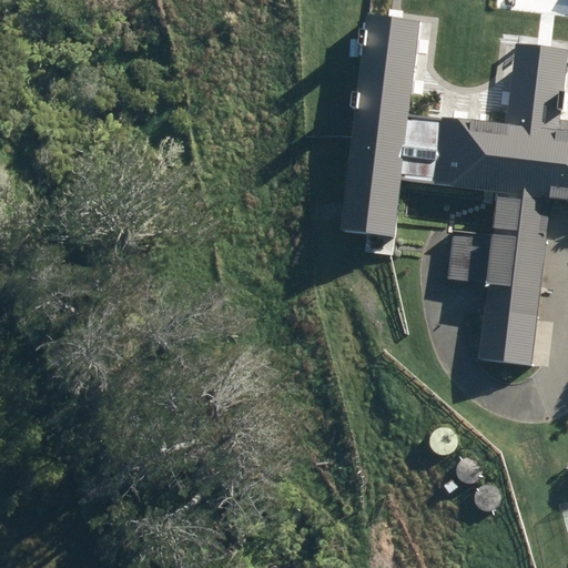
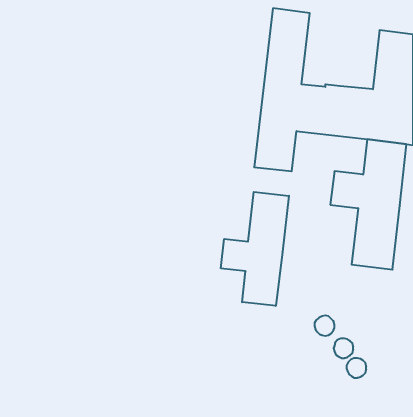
building: none -> [221,192,289,306]

